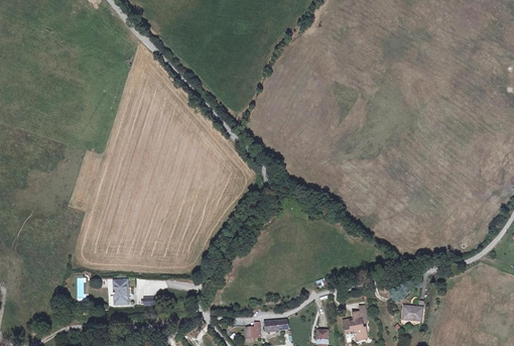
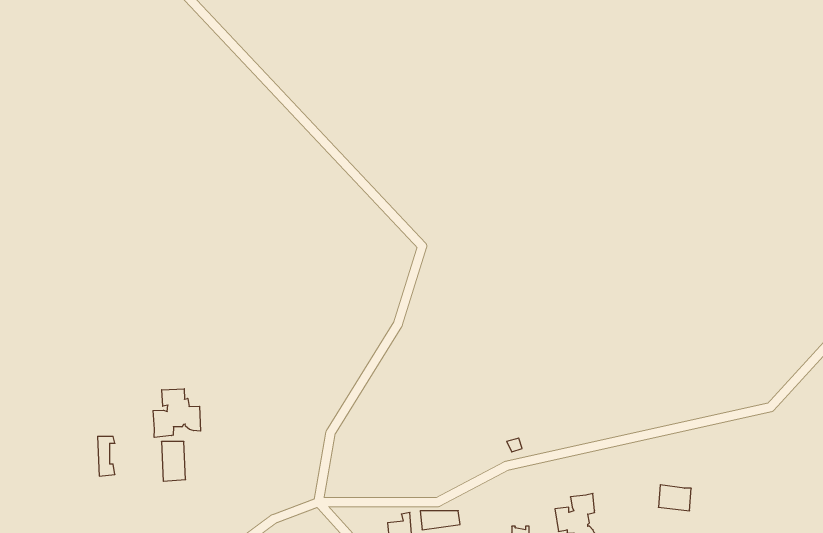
building: none -> [153,389,200,437]

